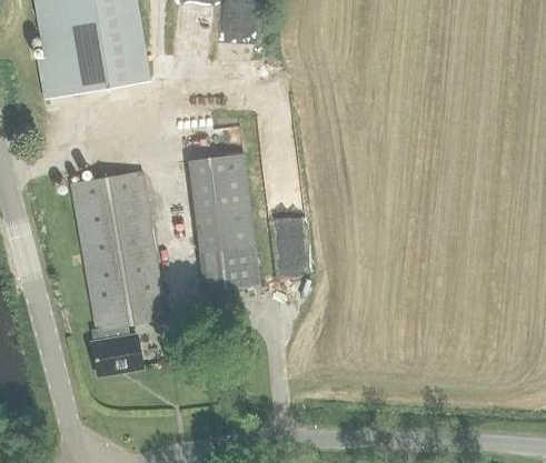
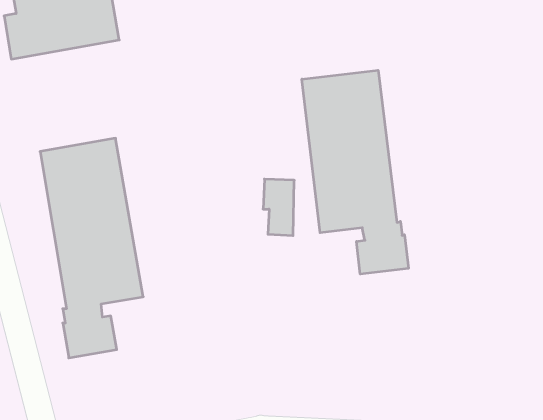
building: none -> [302,70,408,274]
building: [189,153,260,293] -> none

